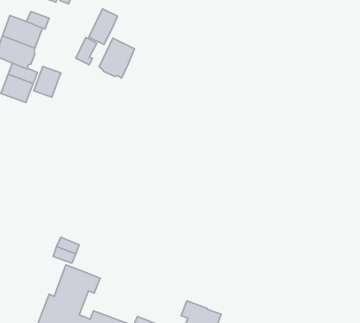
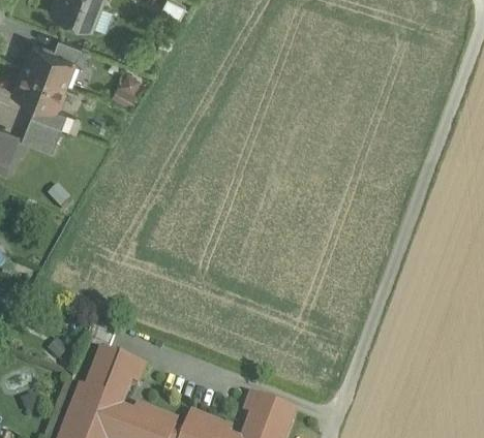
building: [89,9,117,45] -> none
building: [99,38,135,78] -> none
building: [34,67,61,97] -> none

